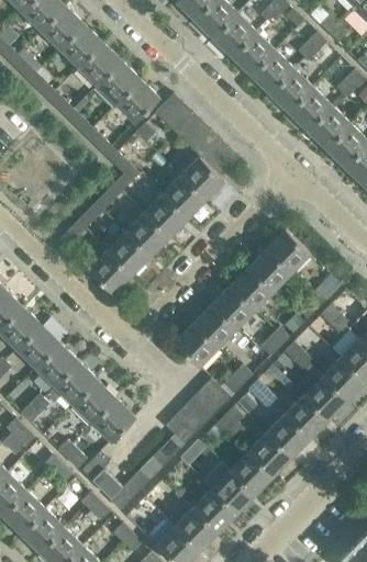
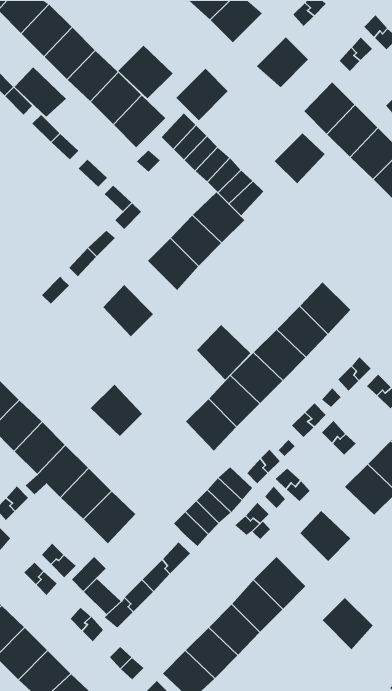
building: [213,14,256,57] -> [176,68,229,121]
building: none -> [117,45,173,99]
building: [252,52,293,93] -> [274,132,326,184]
building: none -> [14,67,67,117]
building: [125,214,168,257] -> none
building: [88,251,131,294] -> [90,384,143,437]
building: none -> [196,324,251,380]
building: [285,396,327,438] -> none
building: [248,434,290,476] -> [322,597,373,650]

